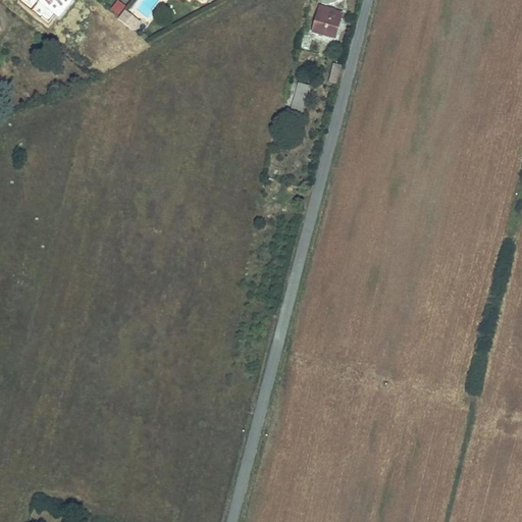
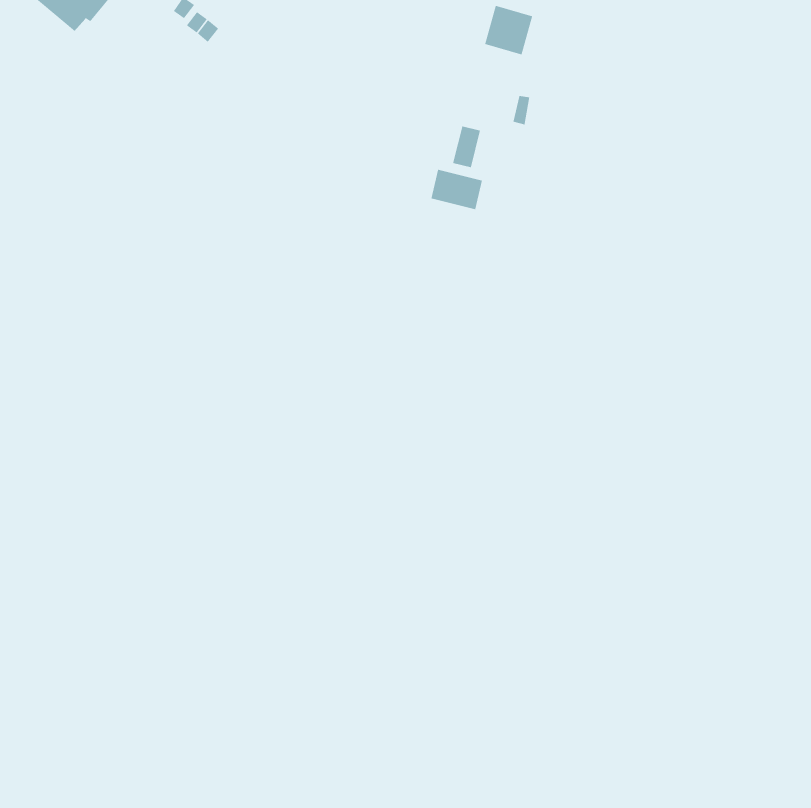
building: none -> [431,169,483,210]

